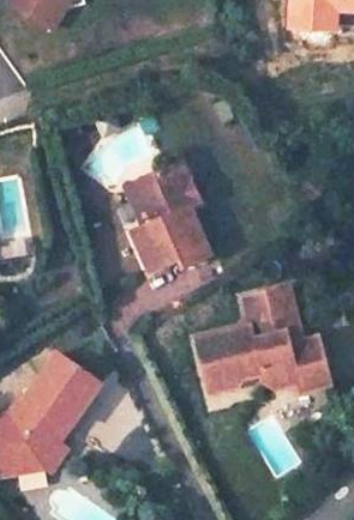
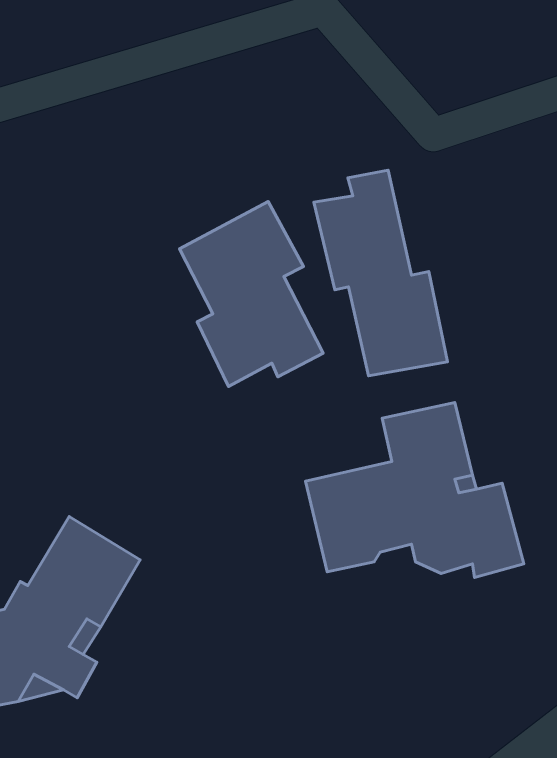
building: none -> [314,170,448,376]

